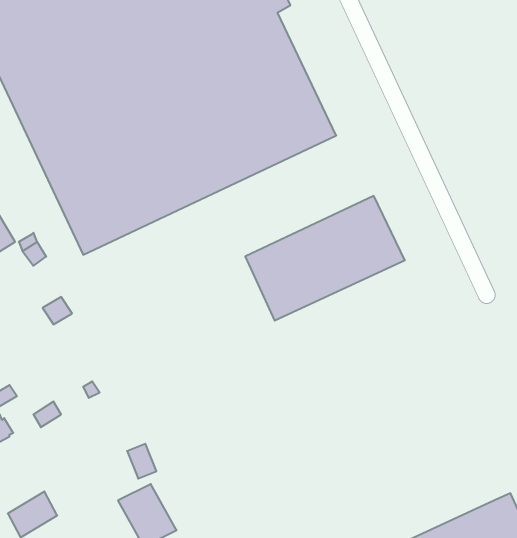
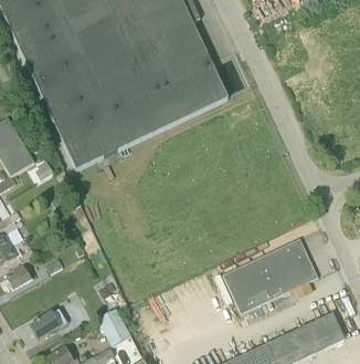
building: [245,196,405,321] -> [222,238,318,313]

